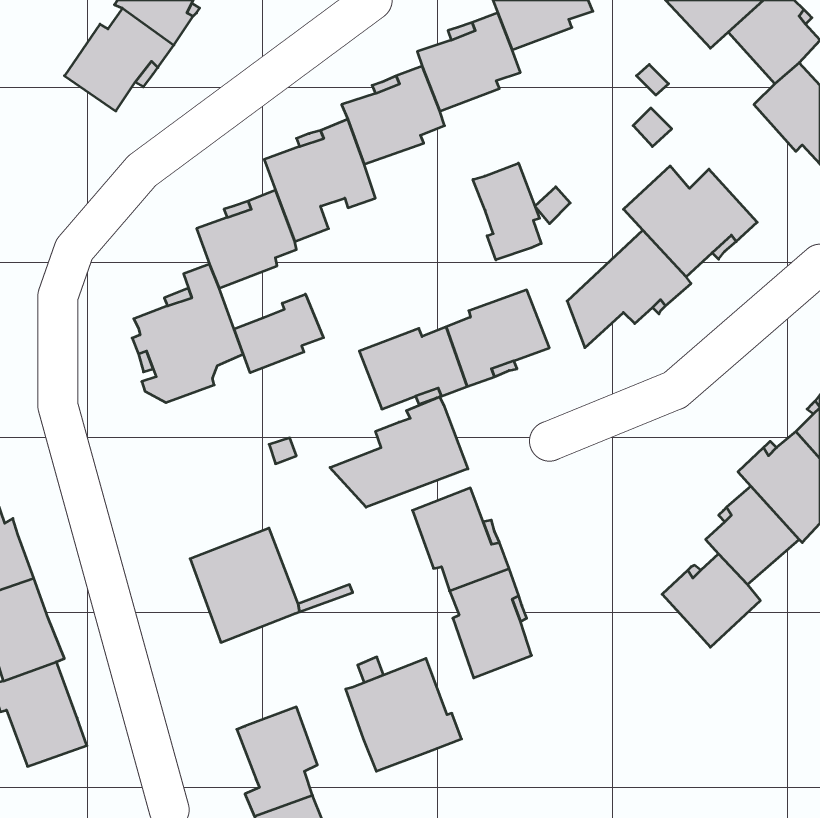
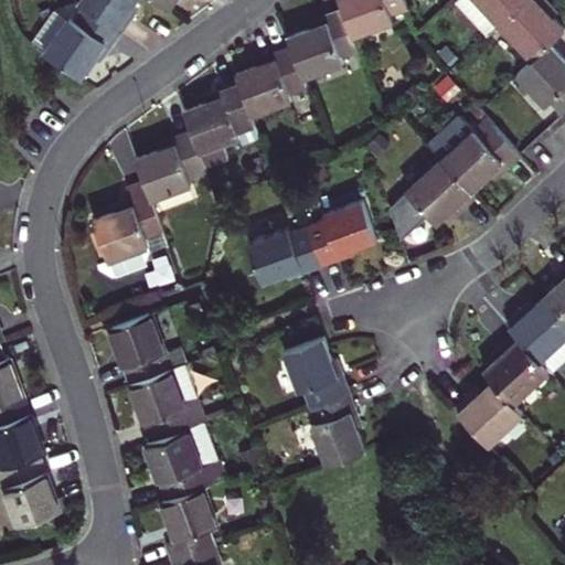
building: [473,163,541,260] -> none
building: [234,294,324,373] -> none
building: [330,397,468,507] -> none
building: none -> [109,315,186,386]
building: [346,658,462,771] -> [147,424,226,501]

